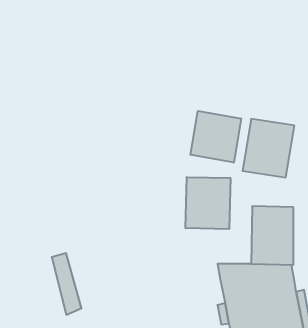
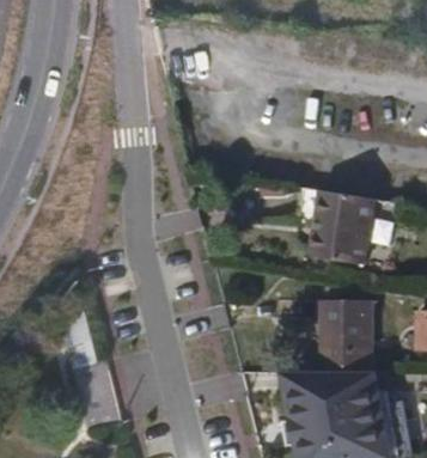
building: [191,111,241,163] -> none
building: [186,177,230,229] -> none

